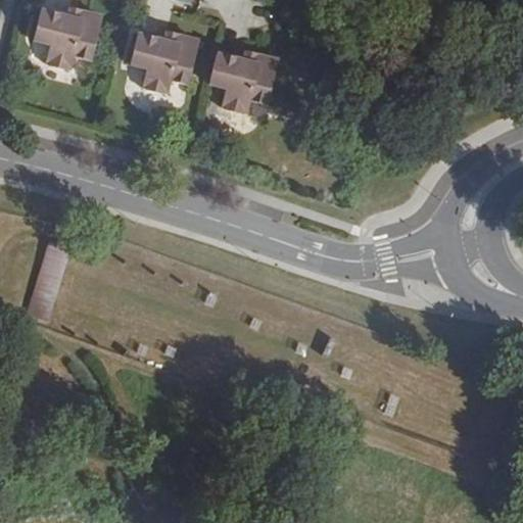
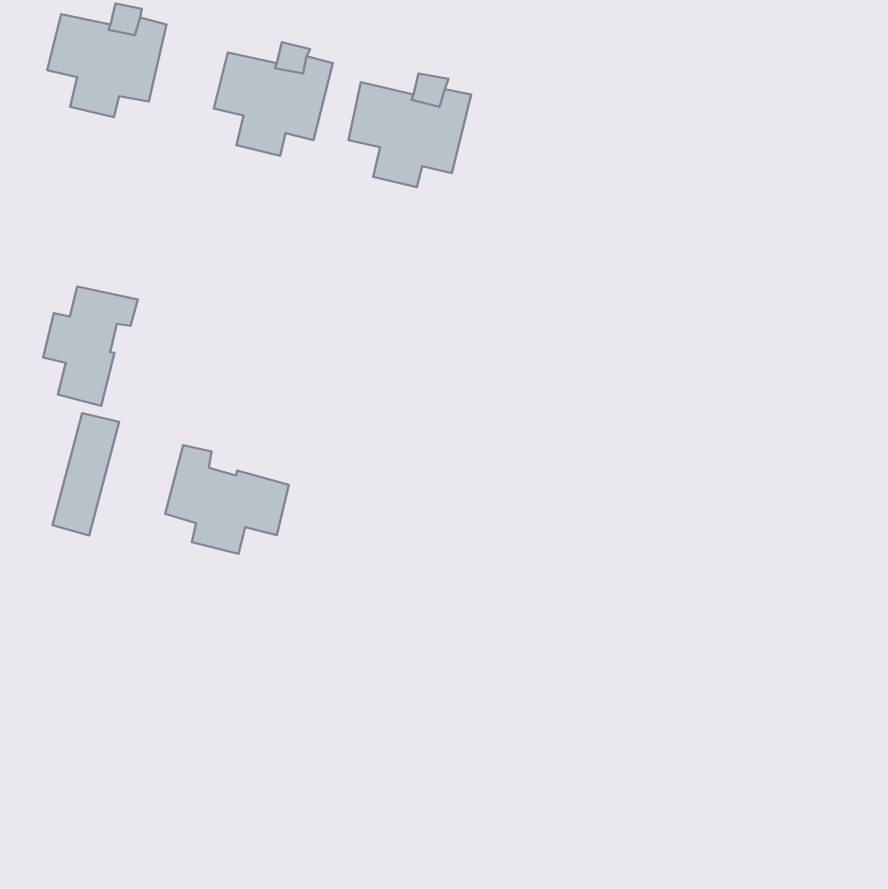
building: none -> [43,286,138,406]
building: none -> [165,445,289,554]

